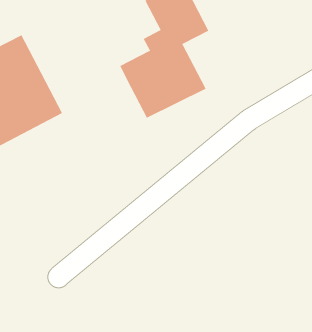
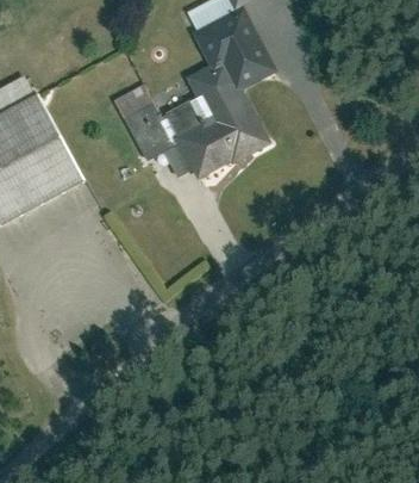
building: none -> [114,86,174,160]

